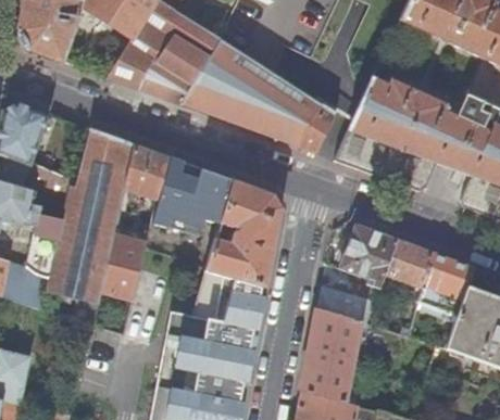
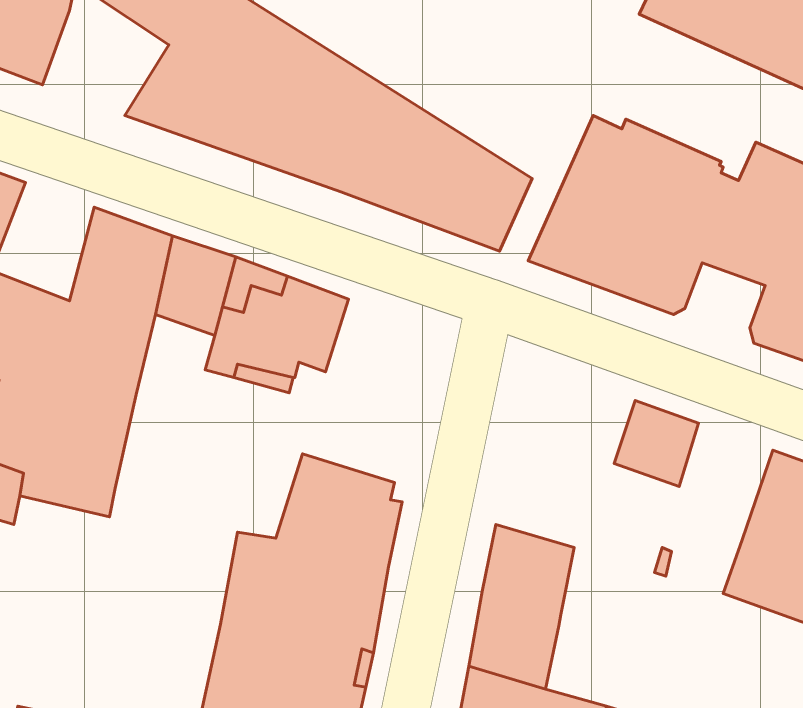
building: [209,181,283,287] -> none
building: [340,224,398,287] -> none
building: [102,236,149,302] -> none
building: [418,252,476,318] -> none
building: [318,287,377,324] -> none

